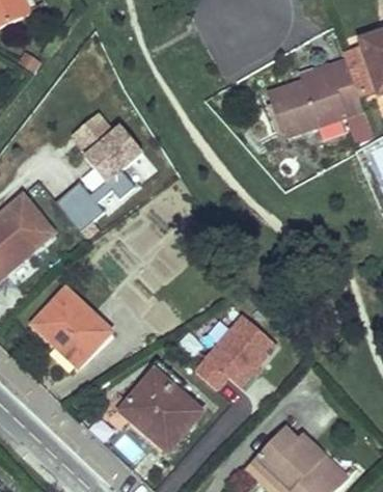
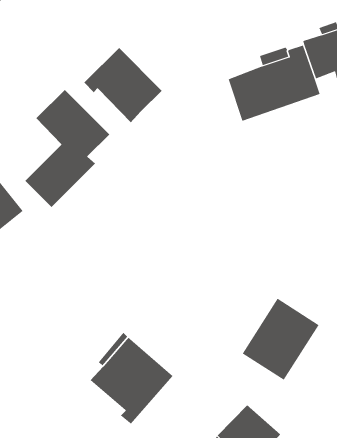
building: none -> [84,47,163,123]
building: [34,289,111,364] -> none
building: [195,315,275,400] -> [242,298,319,381]

